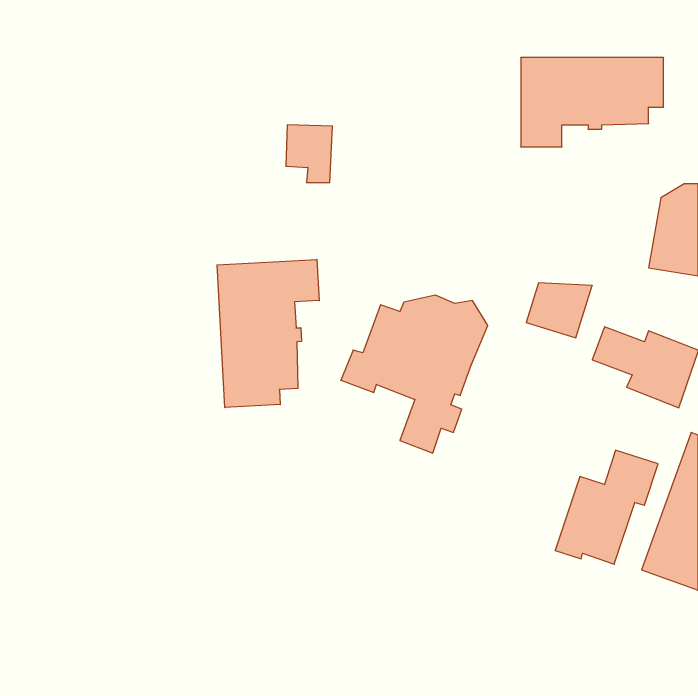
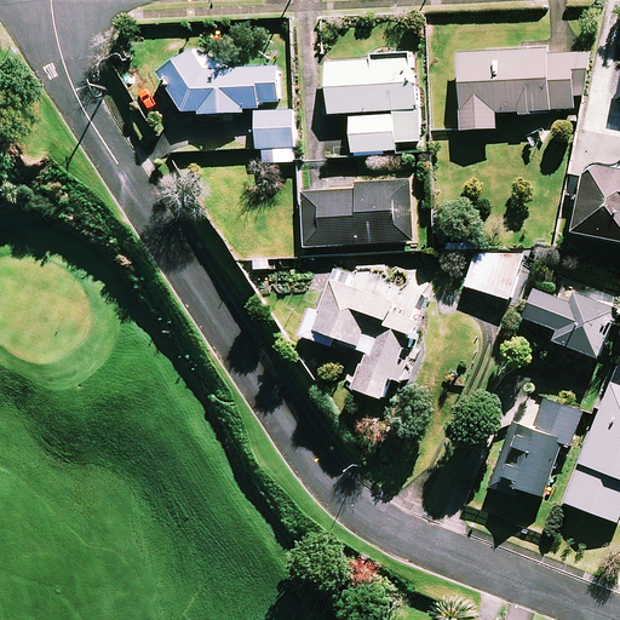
building: none -> [155,41,280,116]
building: none -> [325,53,418,153]
building: none -> [300,180,412,246]
building: [217,259,319,408] -> none

